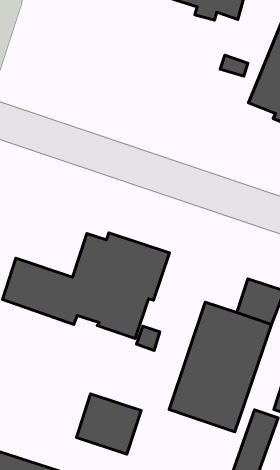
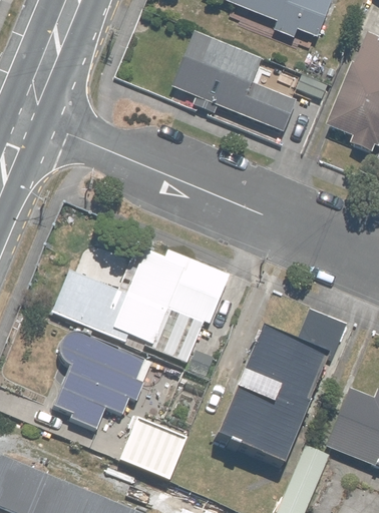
building: none -> [170,31,297,132]
building: none -> [53,332,152,429]

